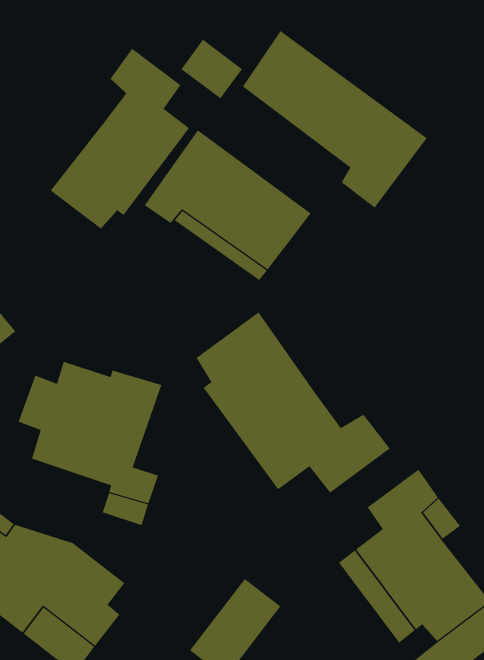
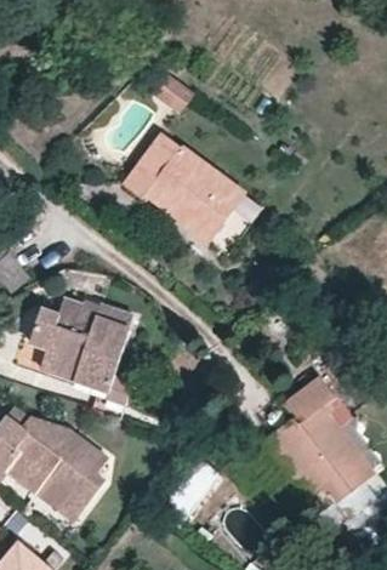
building: [242,30,427,208] -> none
building: [50,48,190,230] -> none
building: [196,311,391,494] -> none

